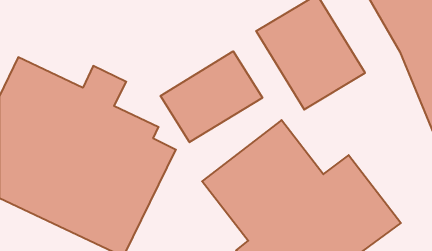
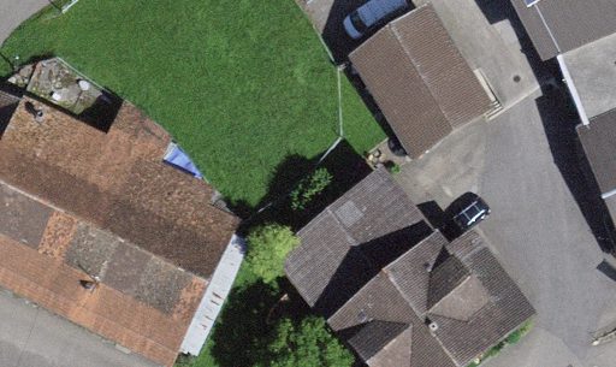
building: [161,51,262,142] -> none

